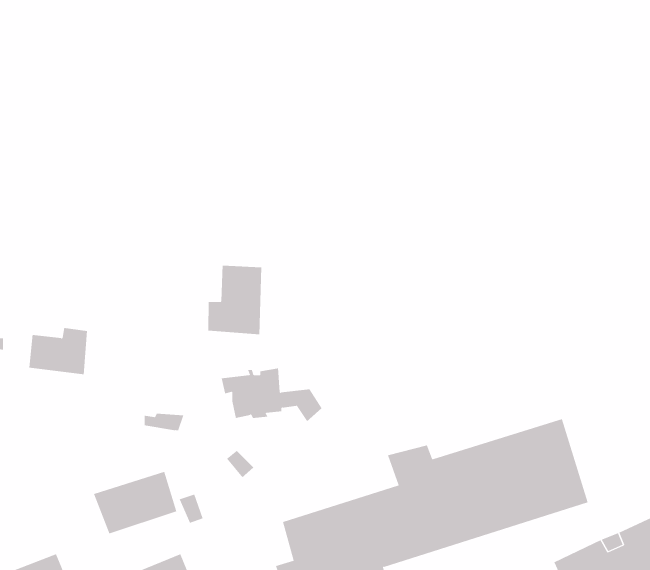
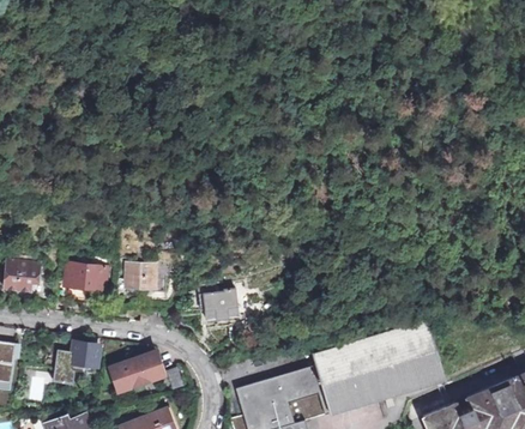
building: [208,265,262,335] -> none
building: none -> [127,262,153,286]
building: none -> [50,343,102,381]

